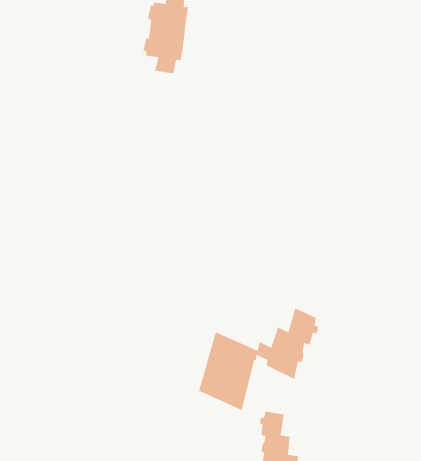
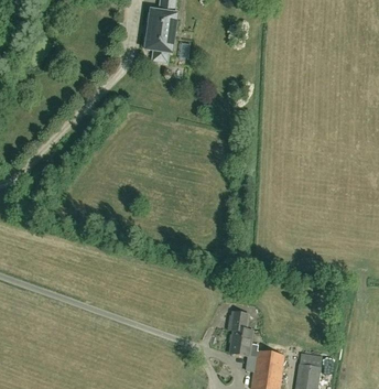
building: [198,307,318,411] -> none

